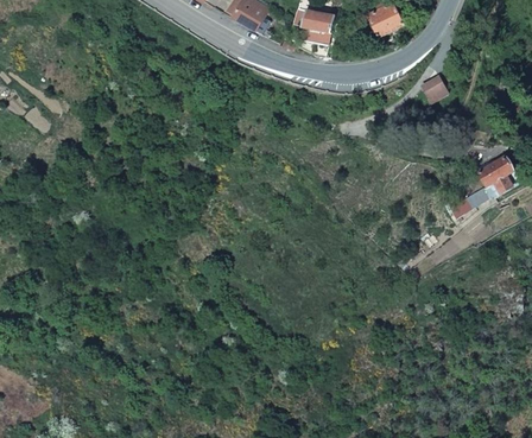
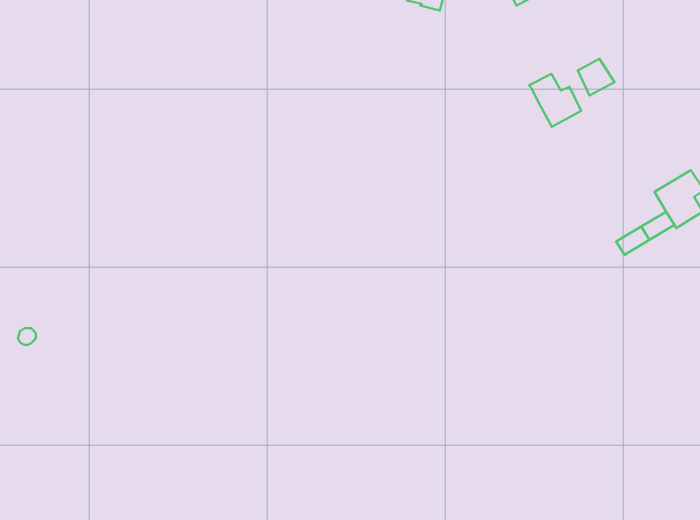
building: none -> [529,74,581,127]

